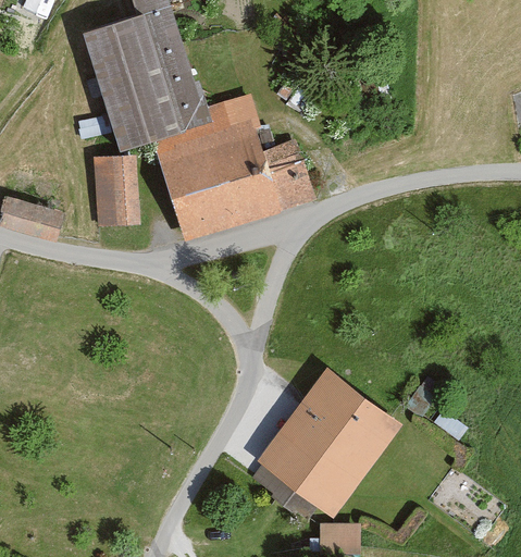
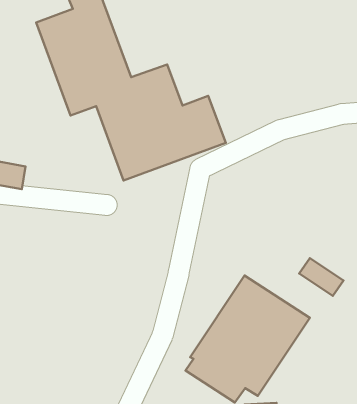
building: [91,157,139,227] -> none
building: none -> [299,258,343,296]

